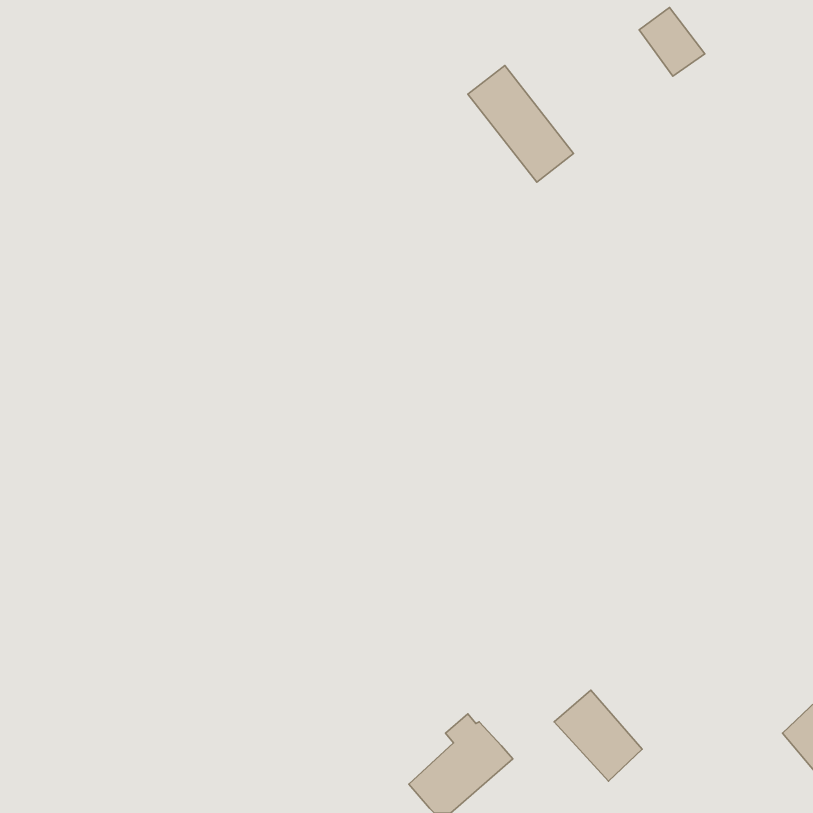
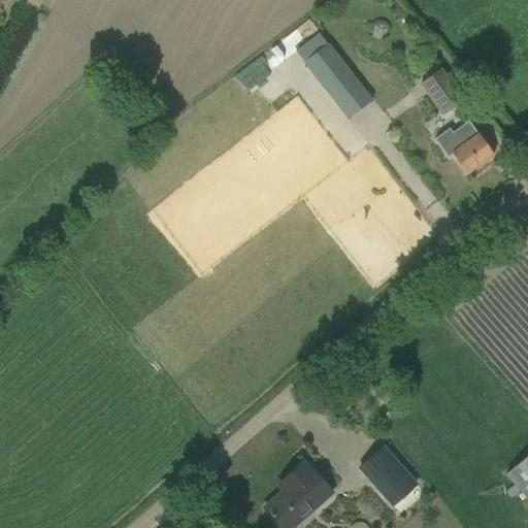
building: [639,7,705,76] -> [422,69,464,113]
building: none -> [435,120,495,173]

